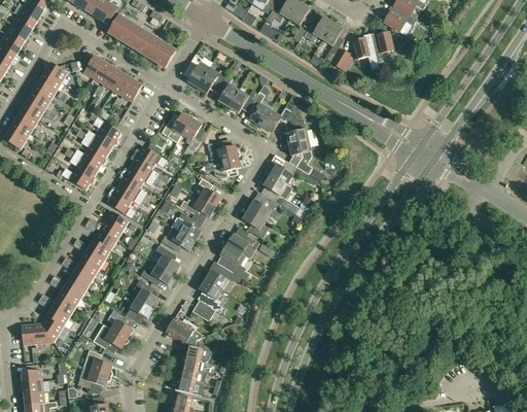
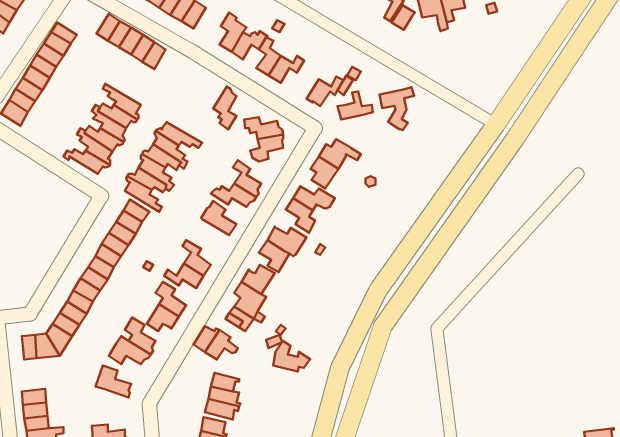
building: [248,84,270,126] -> none
building: [161,111,192,141] -> none
building: [288,137,317,173] -> [380,87,414,130]
building: [161,227,195,250] -> none
building: [182,335,213,360] -> [273,341,310,372]
building: [77,367,110,388] -> none

